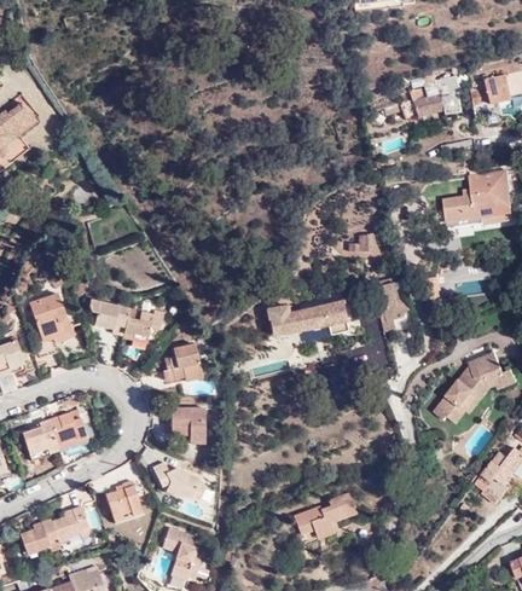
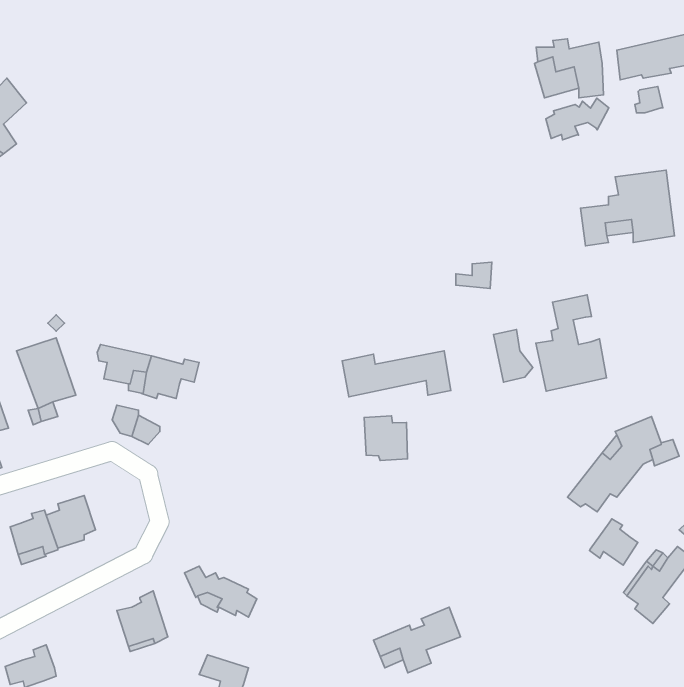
building: none -> [546,98,609,140]
building: none -> [536,295,607,391]
building: [162,343,201,381] -> none
building: none -> [364,416,408,461]
building: [170,409,204,444] -> none
building: none -> [590,519,638,565]
building: [51,505,88,537] -> none

